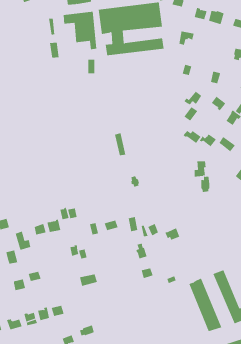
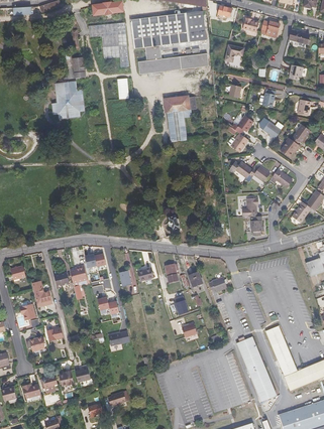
building: none -> [52,81,85,118]
building: none -> [166,94,196,141]

